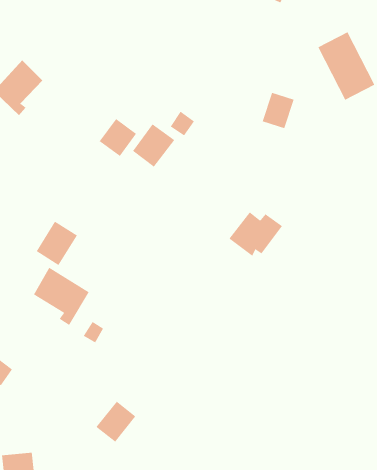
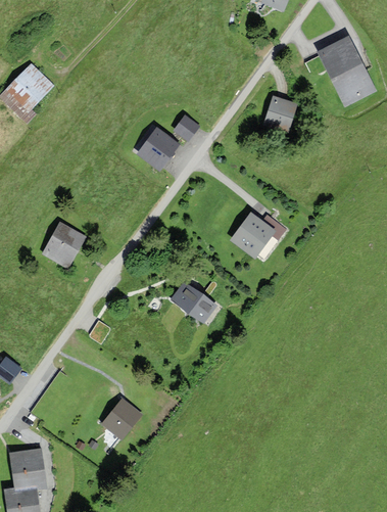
building: [99,118,137,157] -> none
building: [33,267,90,326] -> none
building: none -> [172,283,214,322]

